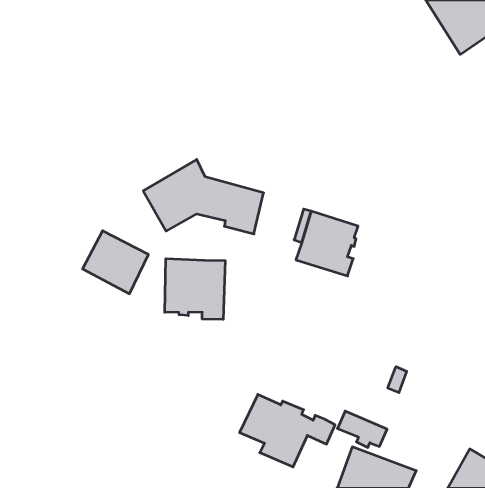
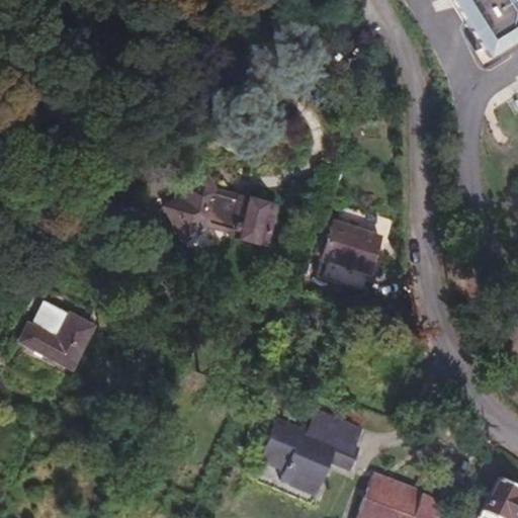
building: [83,231,148,294] -> [24,300,94,367]
building: [165,259,225,319] -> none
building: [337,411,387,447] -> [303,407,355,445]

